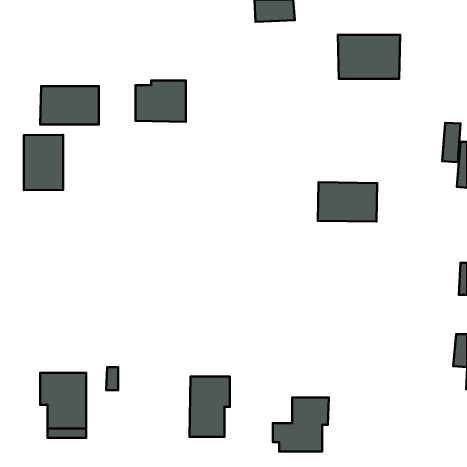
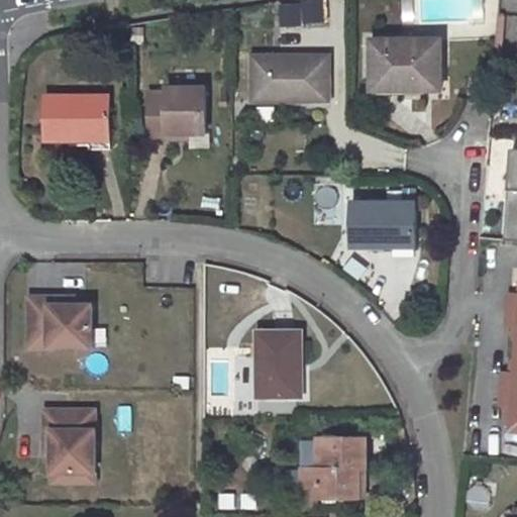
building: none -> [252,55,328,99]
building: [24,135,63,190] -> none
building: none -> [28,297,91,347]
building: [190,376,230,437] -> [255,330,300,397]

